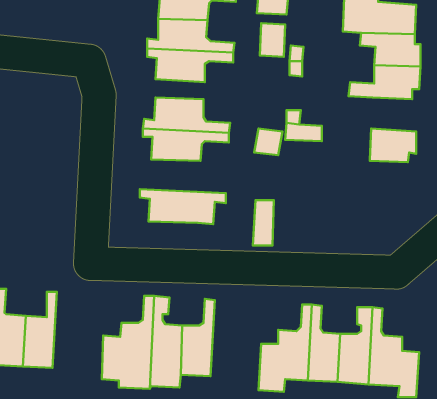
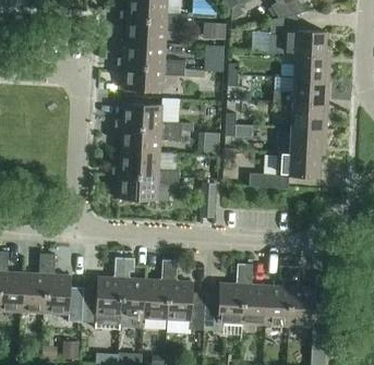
building: none -> [292,104,328,130]
building: none -> [113,151,180,178]
building: none -> [251,151,321,188]
building: none -> [46,254,85,321]
building: none -> [168,260,207,330]

